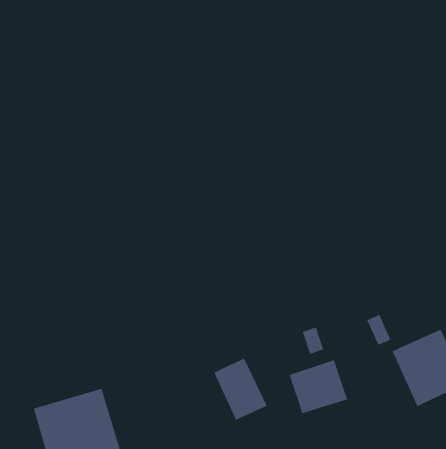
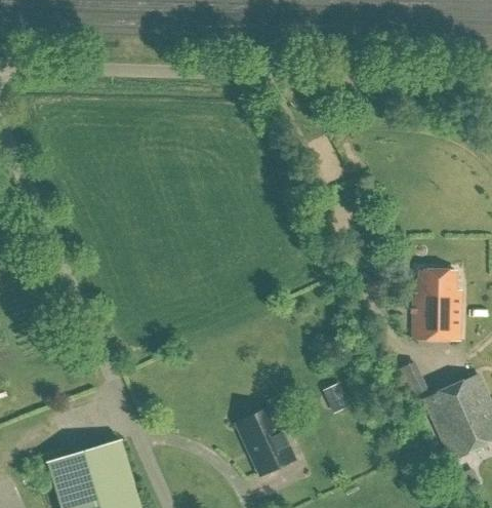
building: none -> [413,272,461,342]
building: [289,359,348,414] -> none

